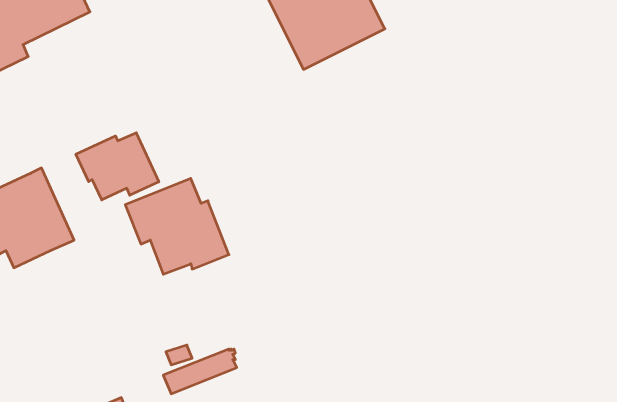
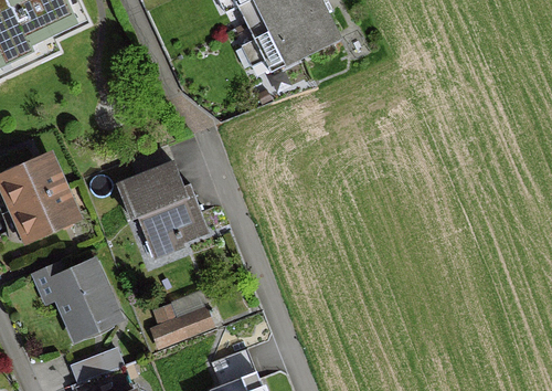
building: [76,133,159,200] -> none
building: none -> [51,261,117,335]

